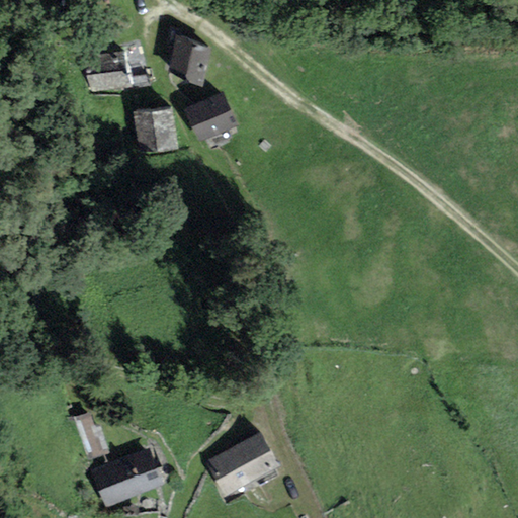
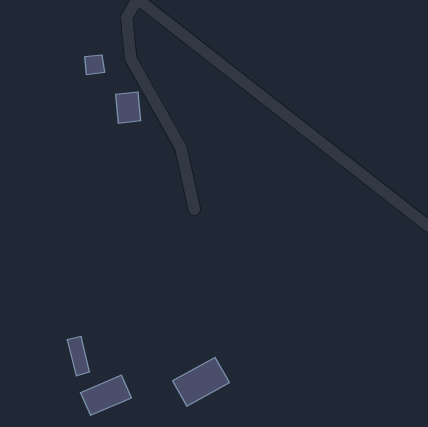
building: [170,40,206,81] -> none
building: [188,97,231,137] -> none

